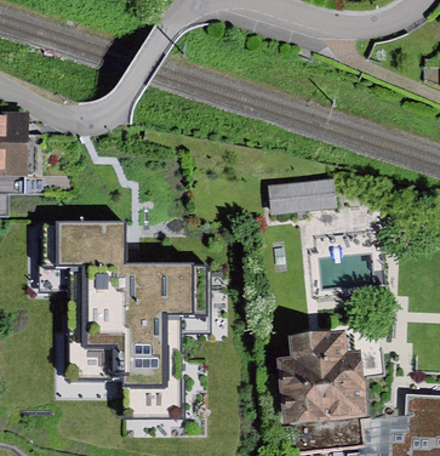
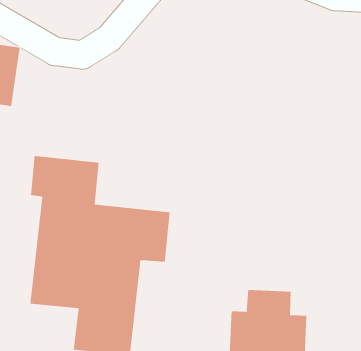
building: [265,176,337,215] -> none

